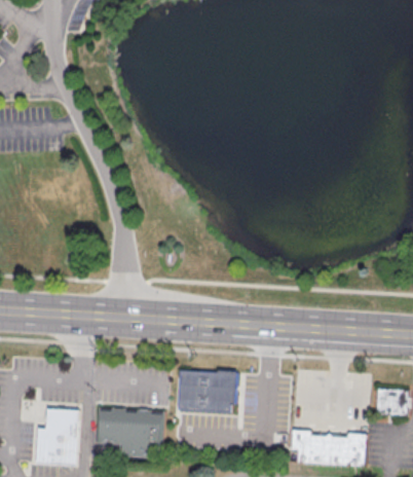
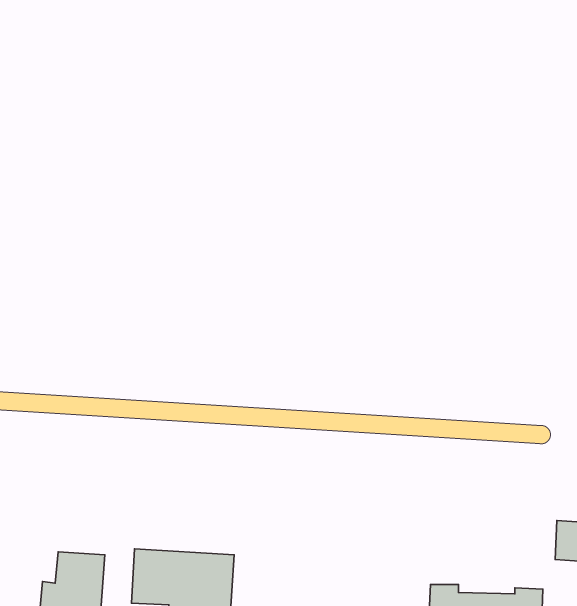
building: [177,370,237,412] -> none

